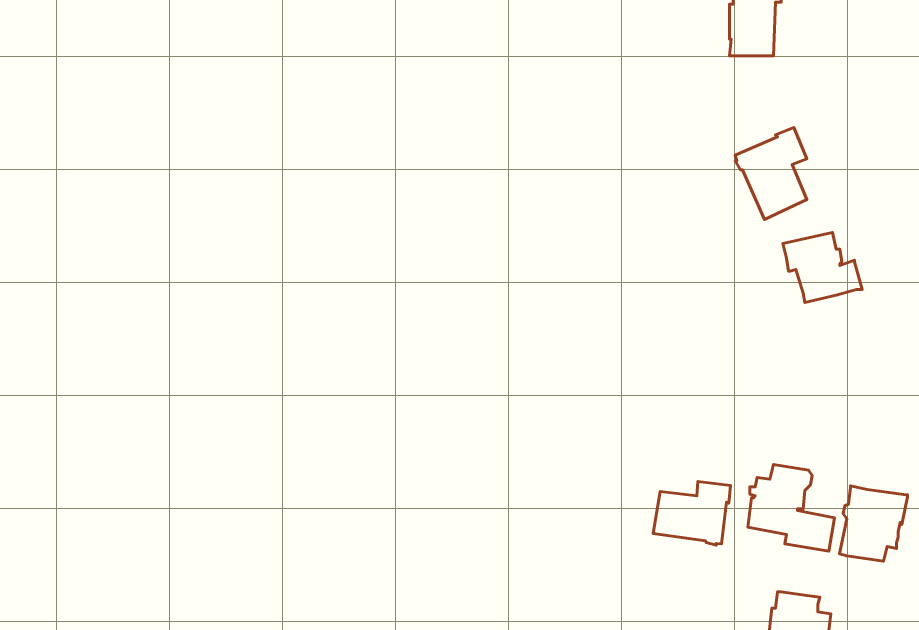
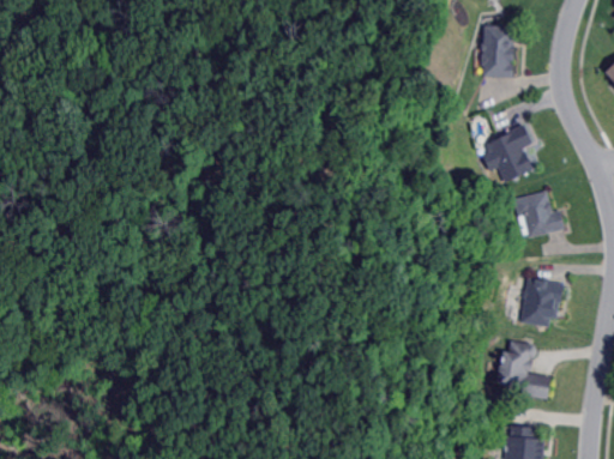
building: [653,482,731,545] -> none
building: [839,486,908,561] -> [522,278,566,327]

